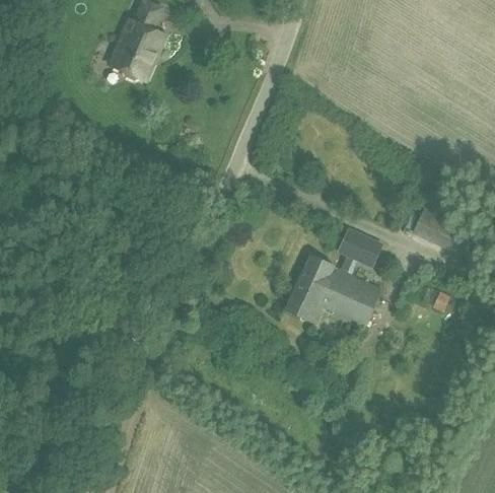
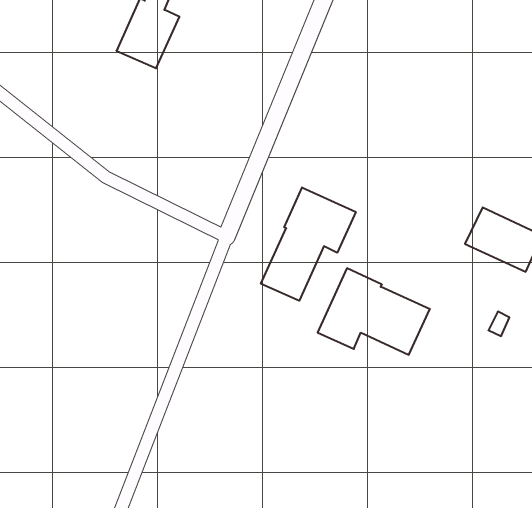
building: none -> [261,187,356,301]
building: [338,228,381,266] -> none

